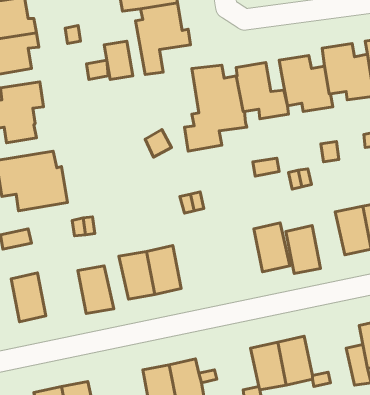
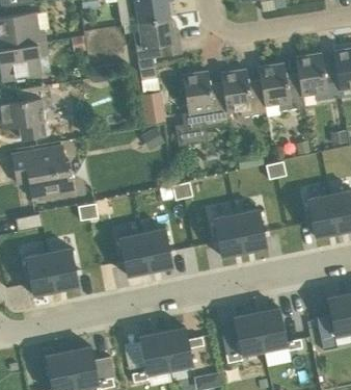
building: [104,41,133,80] -> [140,92,165,125]
building: [286,226,320,273] -> [213,213,243,255]
building: [78,266,114,314] -> [48,248,79,289]

